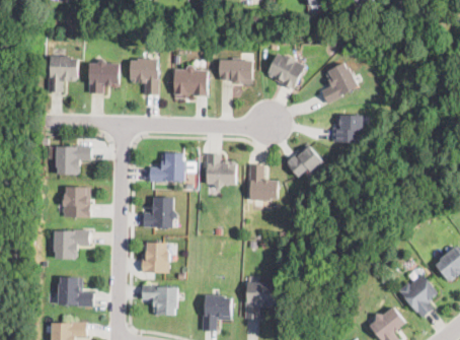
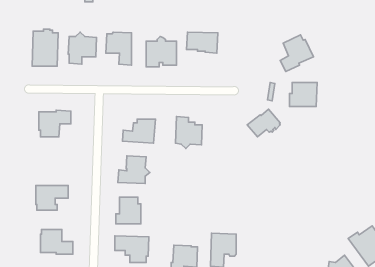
building: [267,53,305,89] -> none
building: [248,163,278,200] -> none
building: [63,186,89,216] -> none

